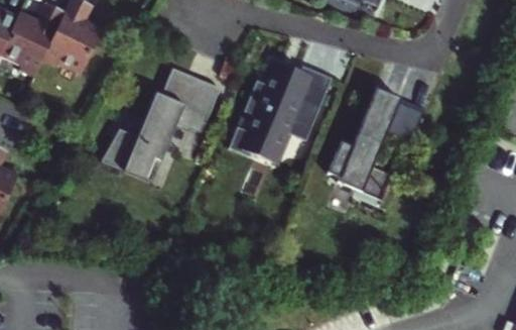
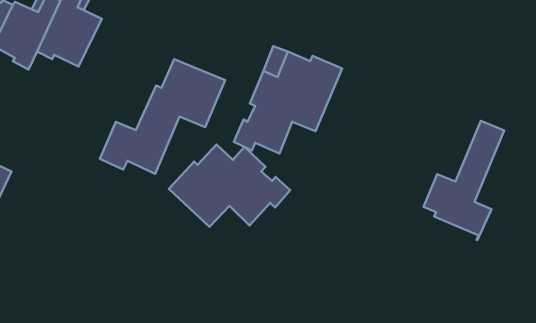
building: [327,92,403,205] -> [423,121,504,240]
building: none -> [169,144,290,227]

